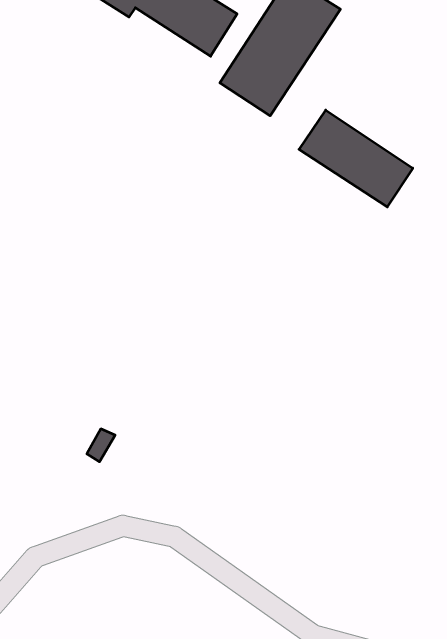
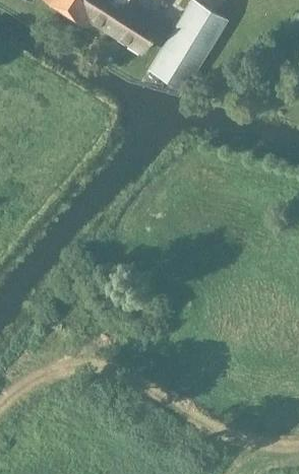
building: [299,110,413,207] -> none

